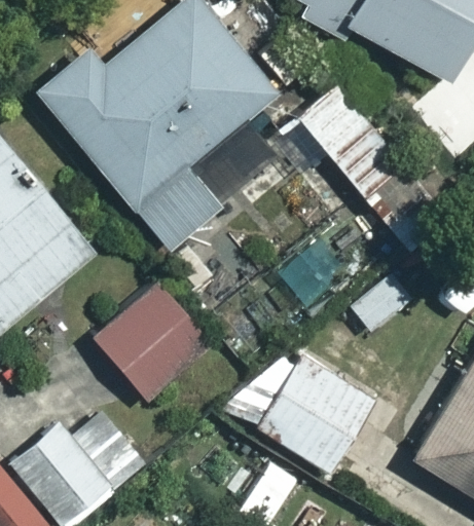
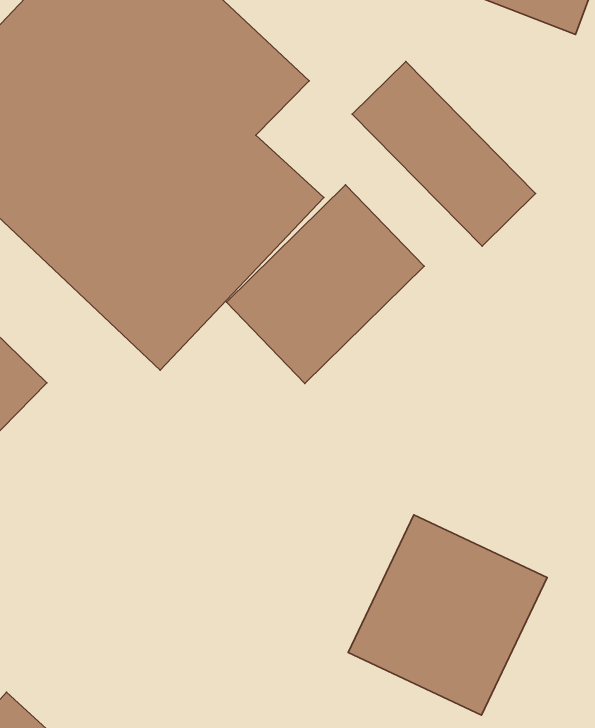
building: none -> [226,185,424,384]
building: [95,284,214,402] -> none

